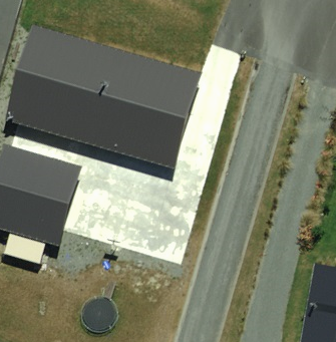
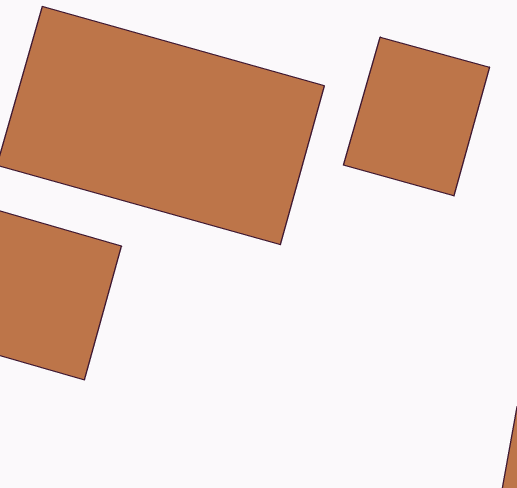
building: none -> [344,37,489,196]

